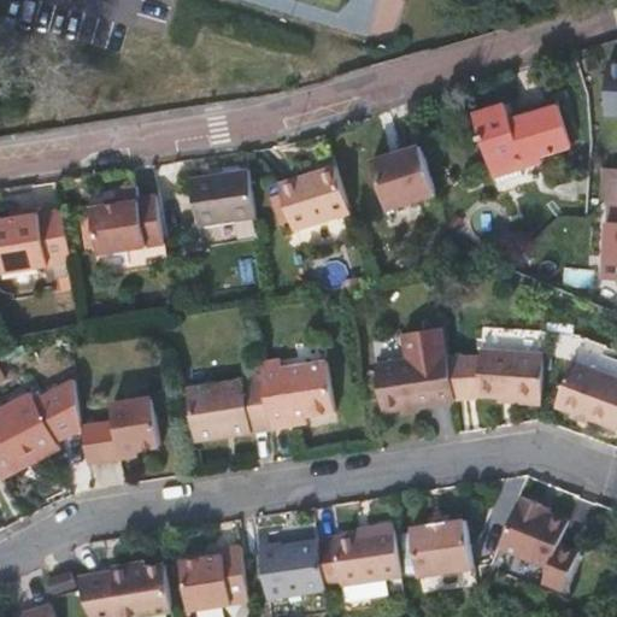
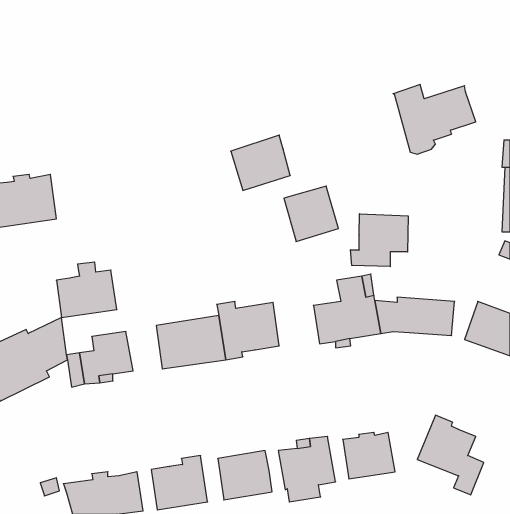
building: [369,142,434,208] -> [284,186,338,242]
building: [184,165,252,225] -> none
building: [88,187,160,253] -> [56,262,117,317]
building: none -> [351,214,408,267]

